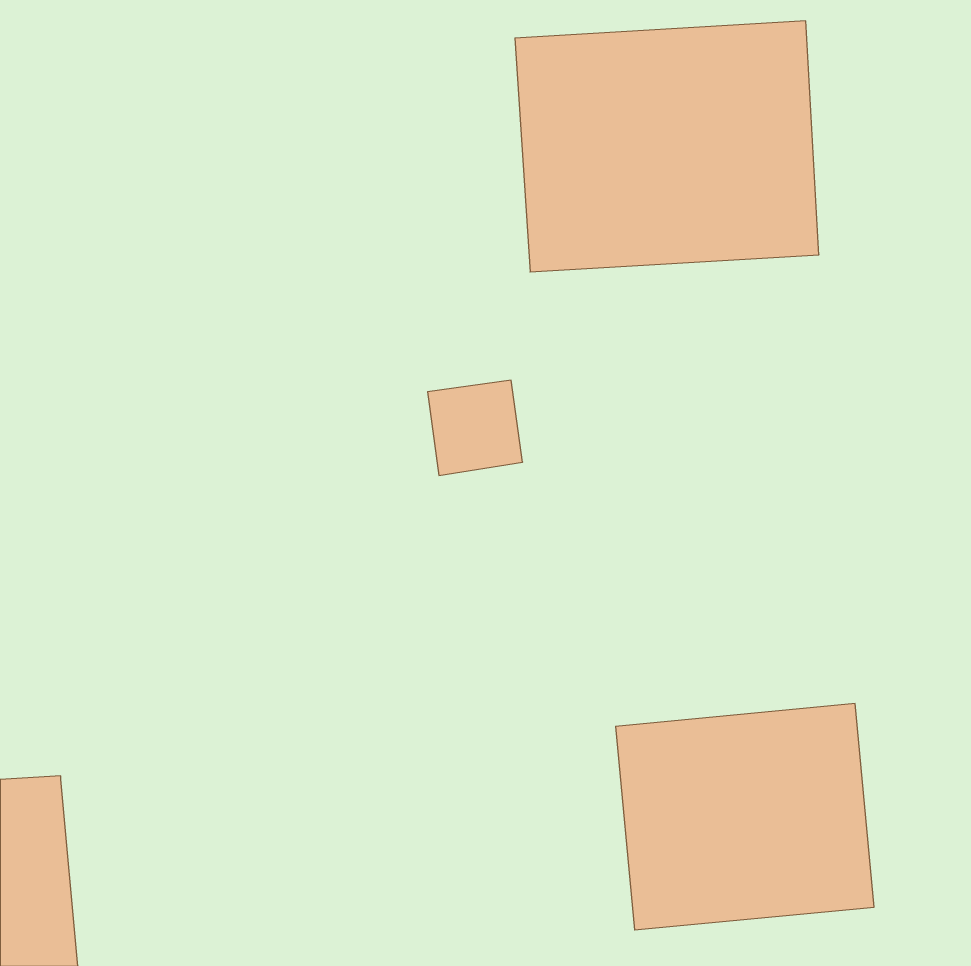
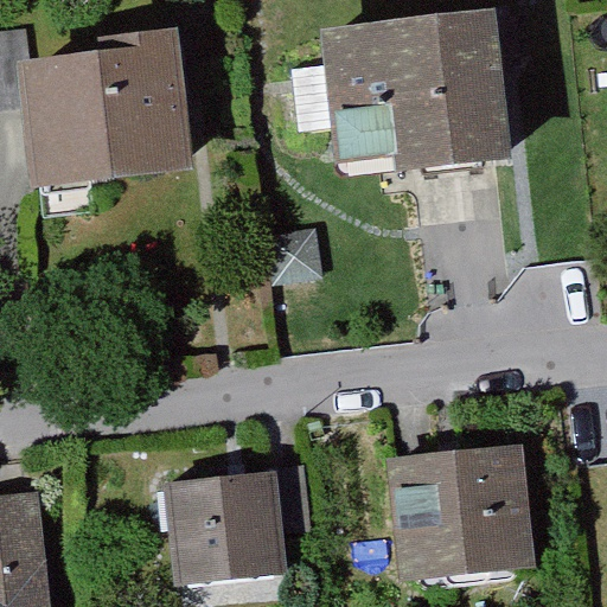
building: none -> [15,58,183,180]
building: none -> [154,461,306,594]

